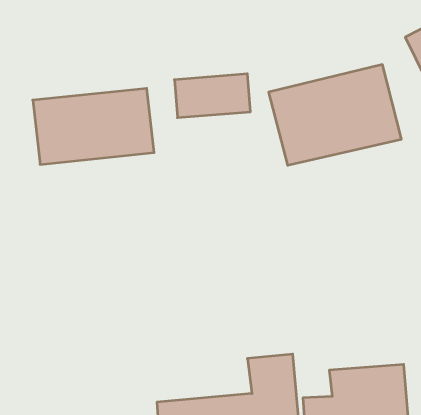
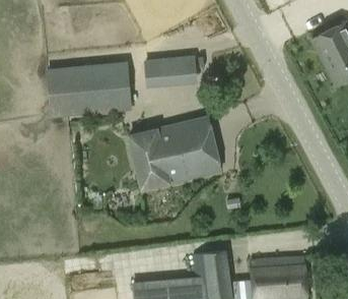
building: [269,65,401,165] -> [129,118,221,188]

